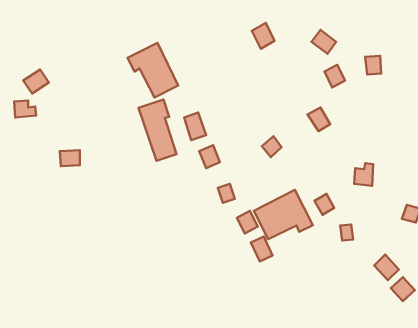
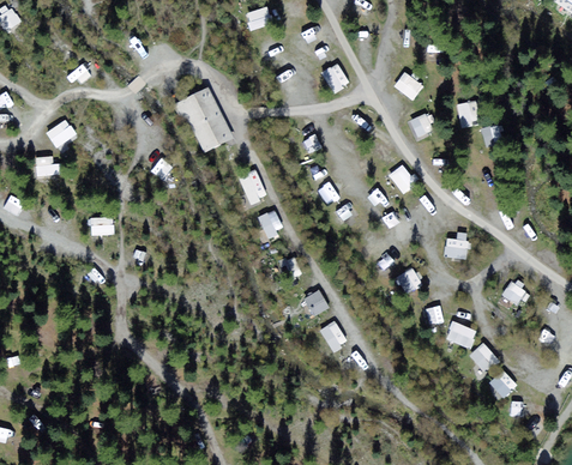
building: [138,100,176,161] -> none
building: [254,190,313,239] -> none
building: none -> [445,320,477,349]

